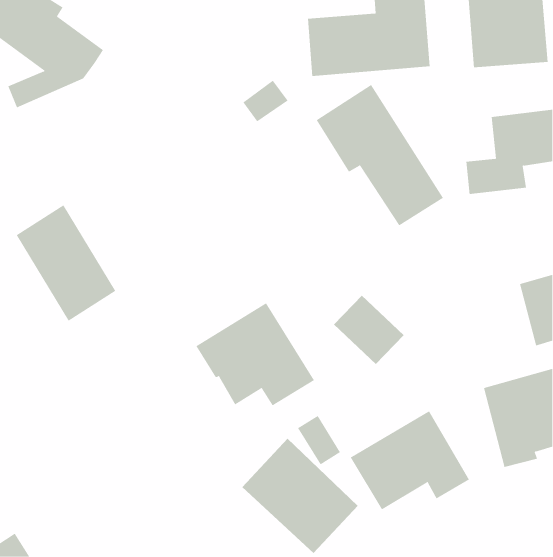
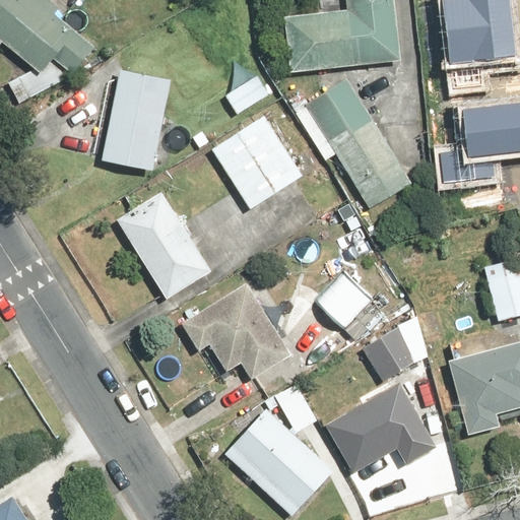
building: none -> [103,68,181,173]
building: none -> [211,112,306,208]
building: [16,205,116,321] -> [118,191,211,300]
building: none -> [361,323,418,382]

